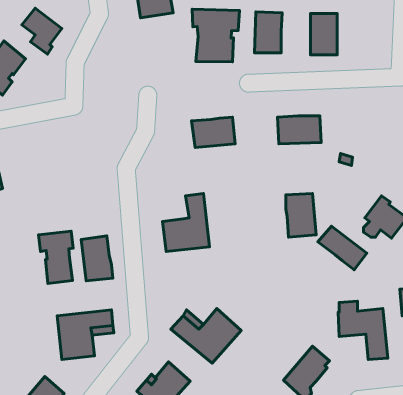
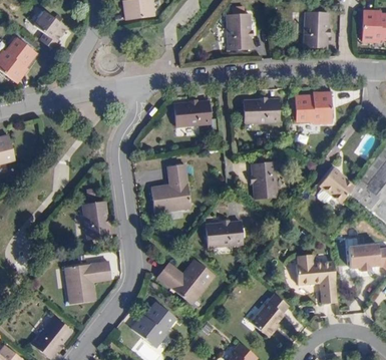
building: [192,9,240,62] -> none
building: [311,14,337,55] -> [303,11,325,45]
building: none -> [297,93,333,123]
building: [318,226,367,270] -> none
building: [39,231,73,283] -> none
building: none -> [205,223,242,249]

